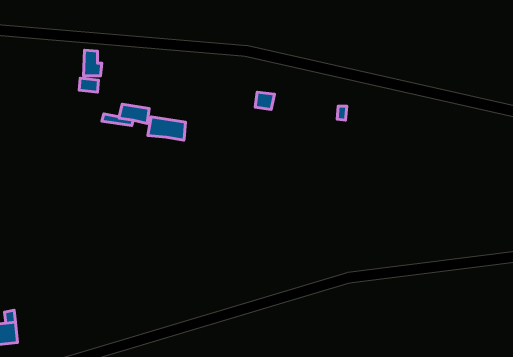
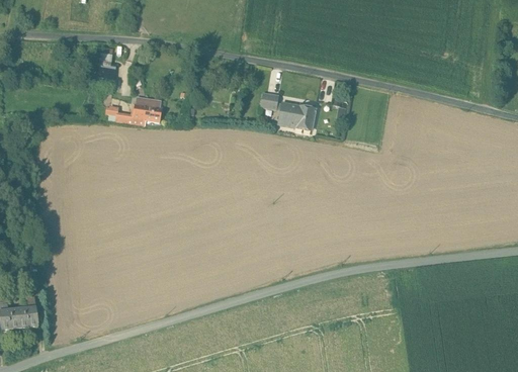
building: none -> [279,101,315,127]
building: [148,117,185,140] -> none

